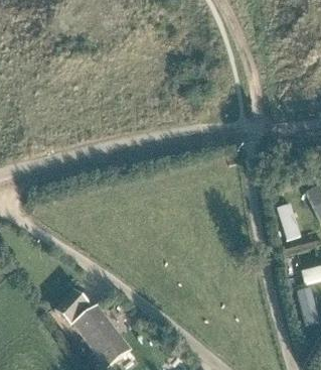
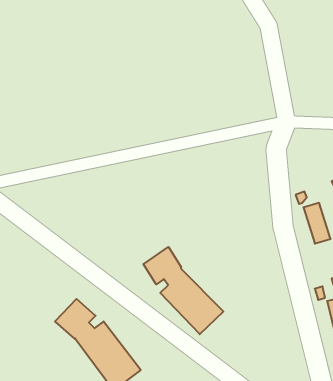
building: none -> [143,247,223,334]

